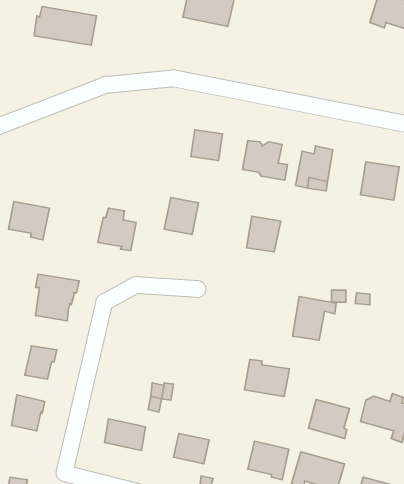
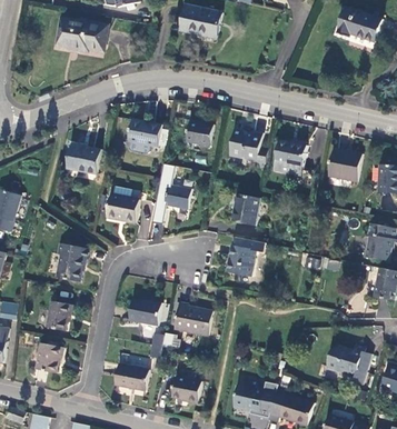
building: none -> [128,121,162,154]
building: [8,201,50,240] -> [66,144,100,177]
building: [292,296,336,340] -> [230,238,267,275]
building: none -> [128,298,160,327]
building: [244,359,290,397] -> [173,303,211,335]
building: [308,400,350,438] -> none

